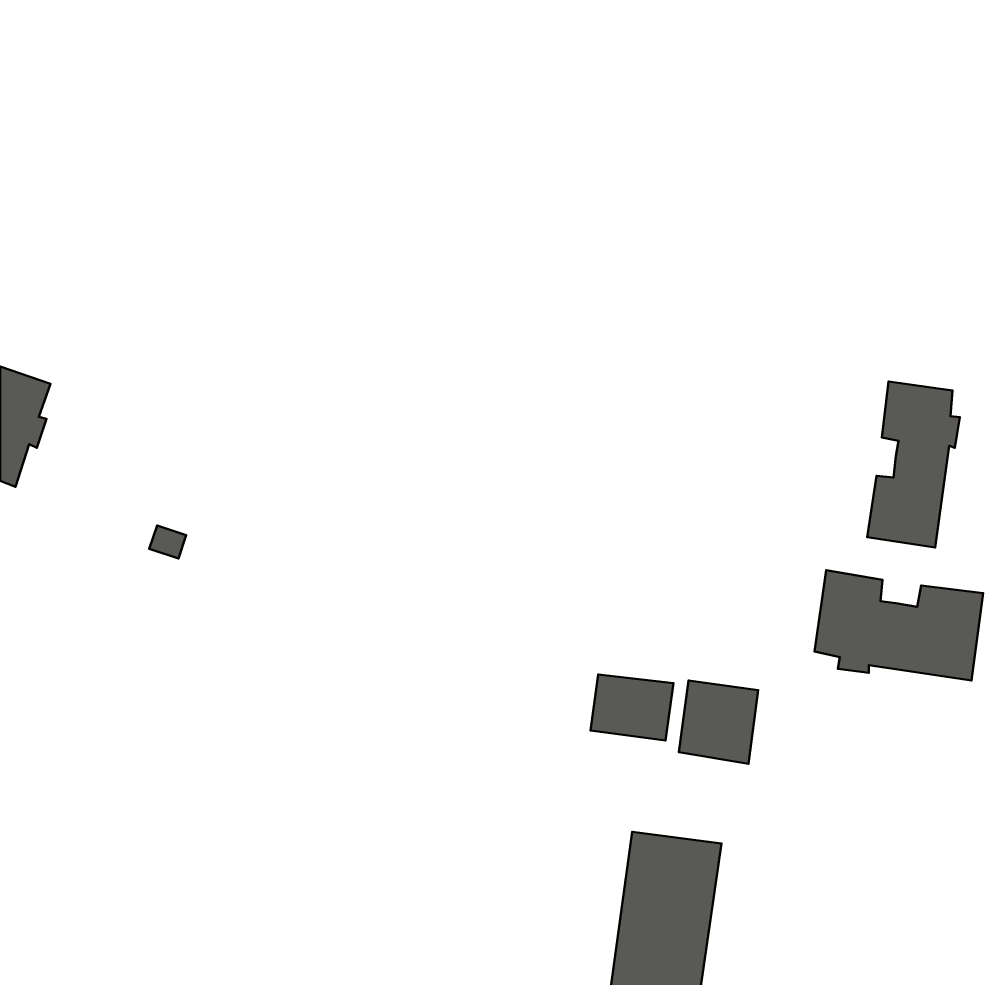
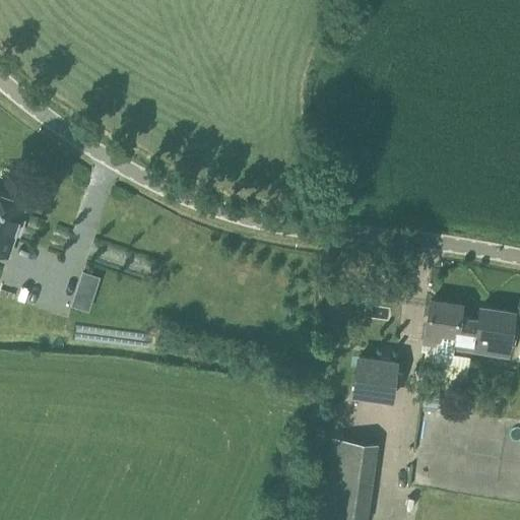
building: [867,381,960,548] -> none
building: [590,675,673,740] -> none

